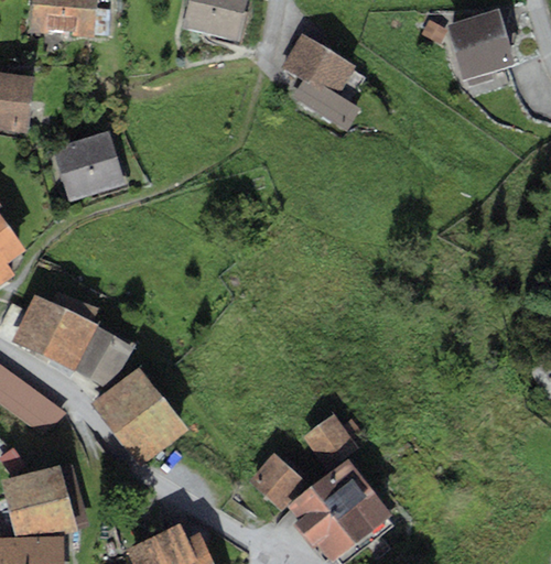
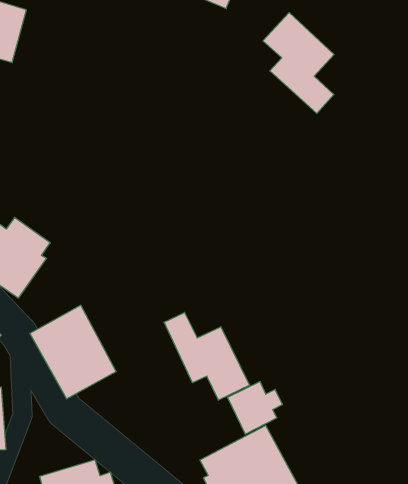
building: [51,132,126,203] -> none
building: [74,325,132,388] -> none
building: none -> [164,312,249,400]
building: [249,453,303,507] -> none

